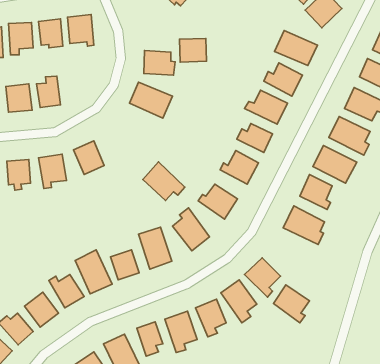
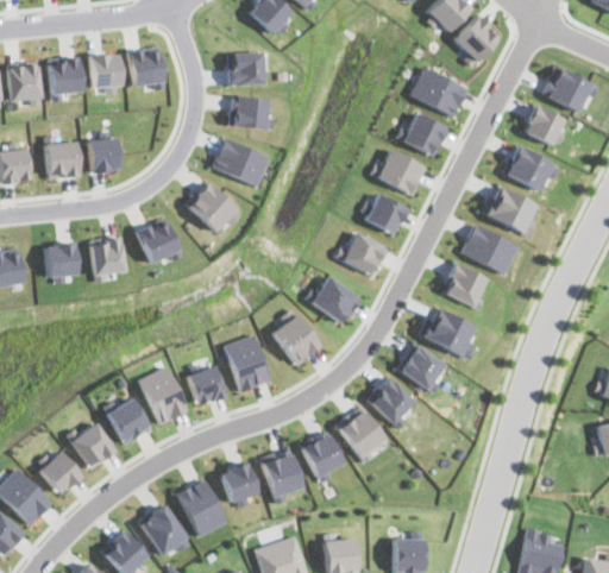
building: [179,38,207,62] -> [228,52,265,84]
building: [143,162,185,200] -> [186,180,243,232]
building: [274,285,310,323] -> [398,342,447,393]

